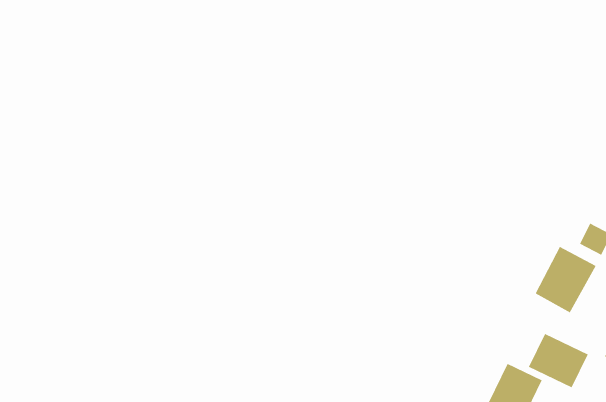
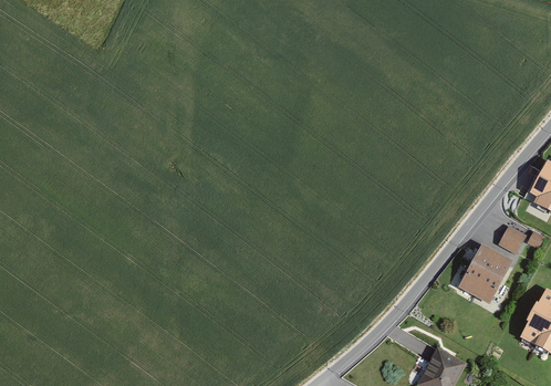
building: [528,333,589,388] -> none

